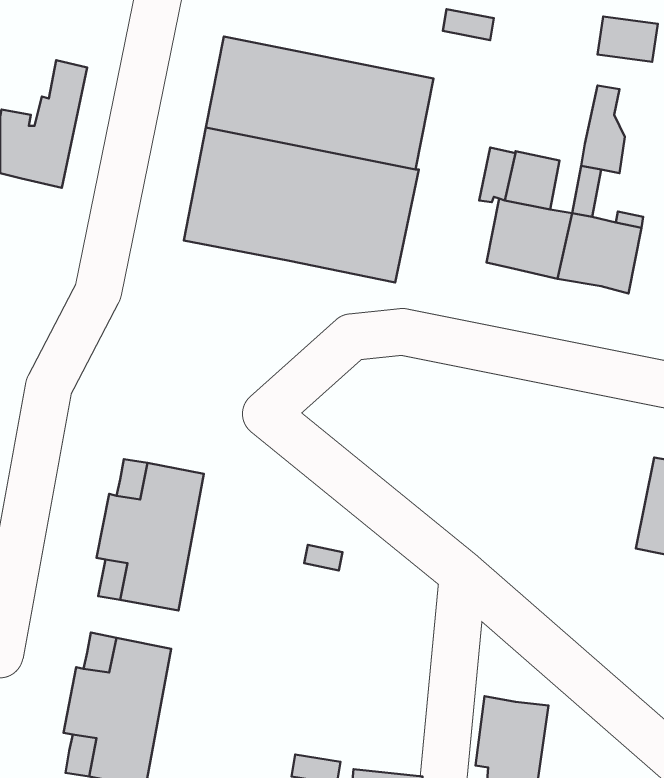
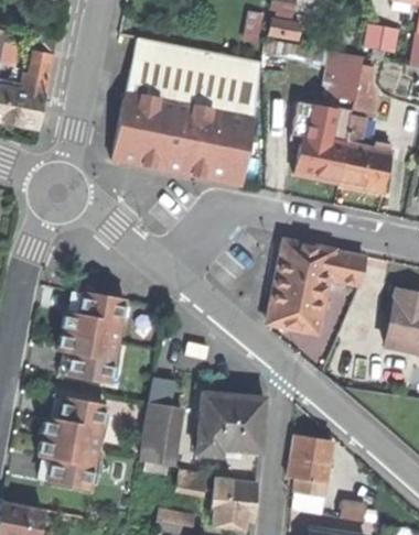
building: none -> [330,61,363,101]
building: none -> [268,241,365,331]
building: none -> [142,379,182,466]
building: none -> [200,394,264,456]

